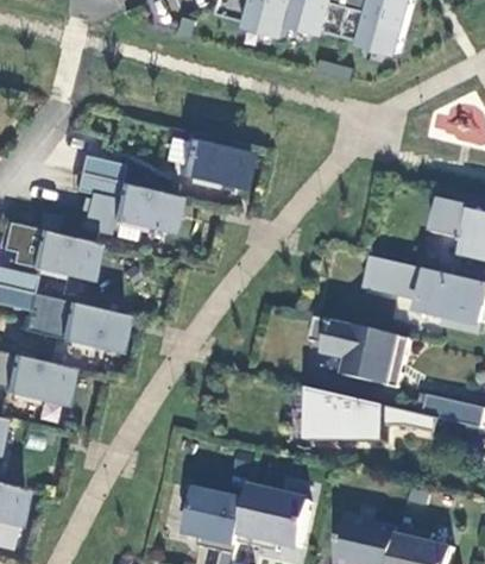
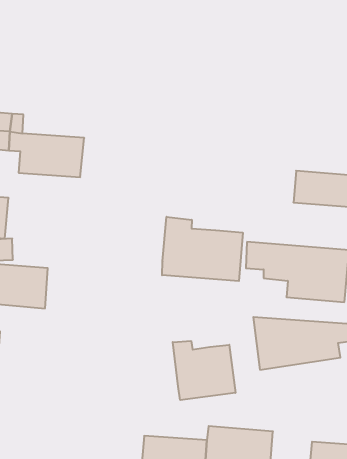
building: [176,137,244,188] -> none
building: none -> [162,217,243,281]
building: none -> [173,341,235,400]

